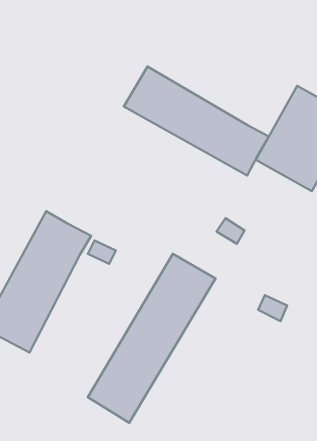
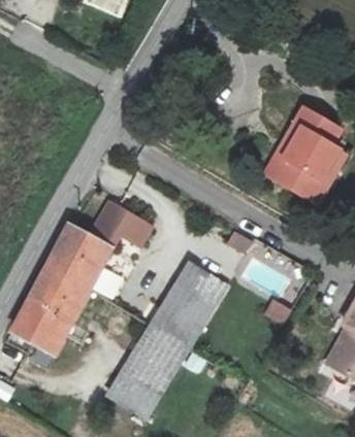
building: [124,66,269,176] -> none
building: none -> [90,201,151,245]

